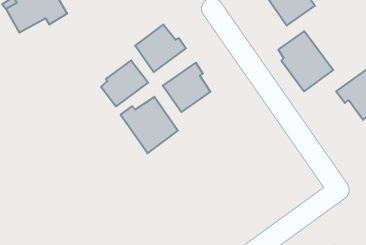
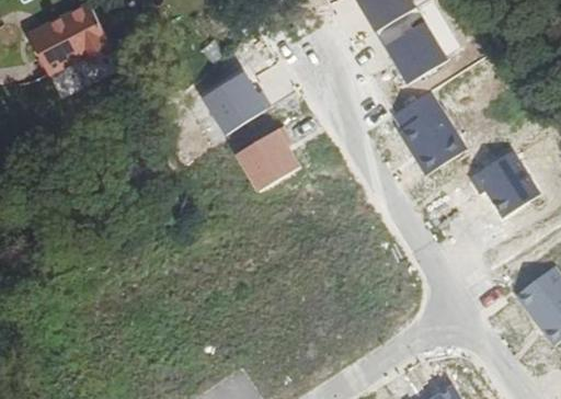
building: [101,60,148,106] -> none
building: [121,97,178,153] -> none

